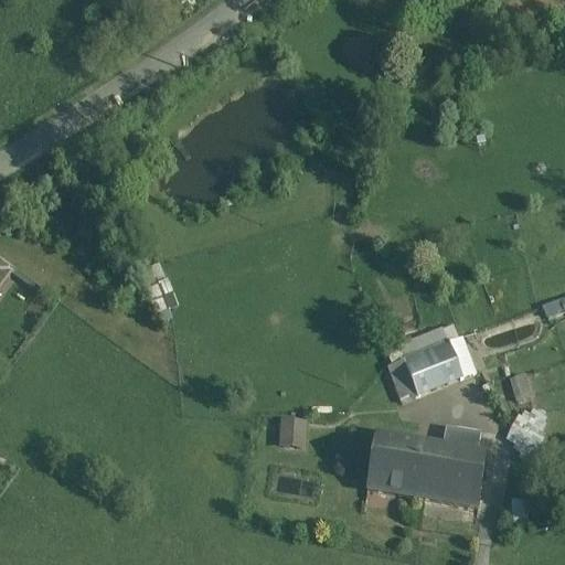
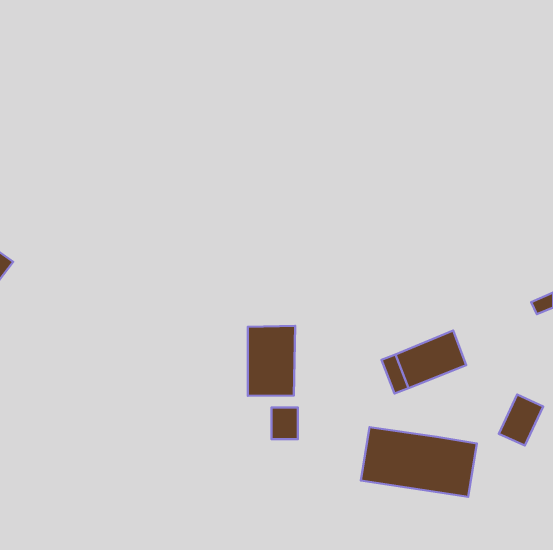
building: none -> [248,326,295,396]
building: [444,420,488,450] -> none

